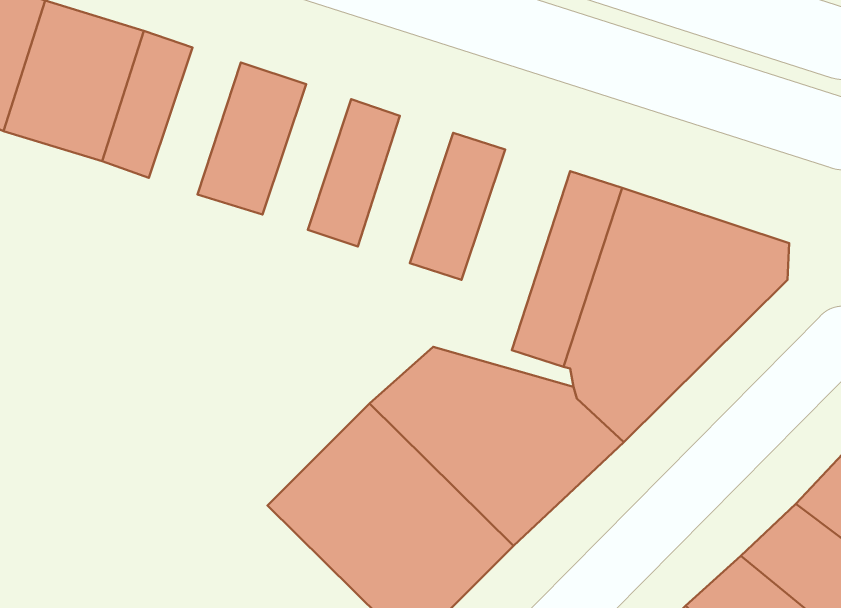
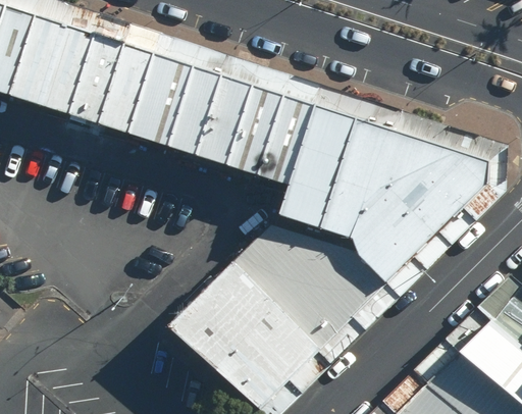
building: none -> [98,43,154,133]
building: none -> [167,65,221,154]
building: none -> [225,85,283,174]
building: none -> [278,105,355,227]

